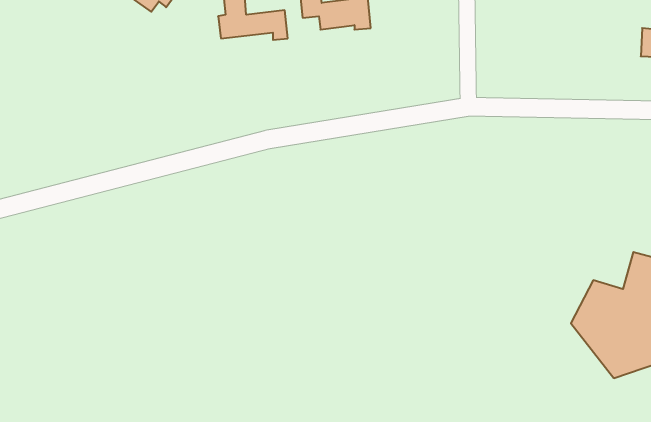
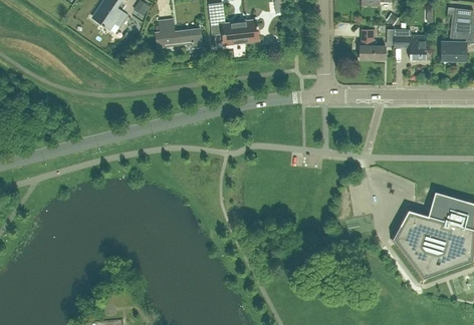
building: none -> [359,30,385,60]
building: none -> [393,30,425,60]

